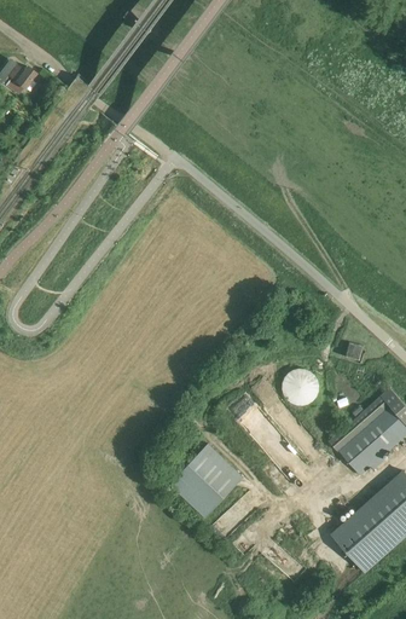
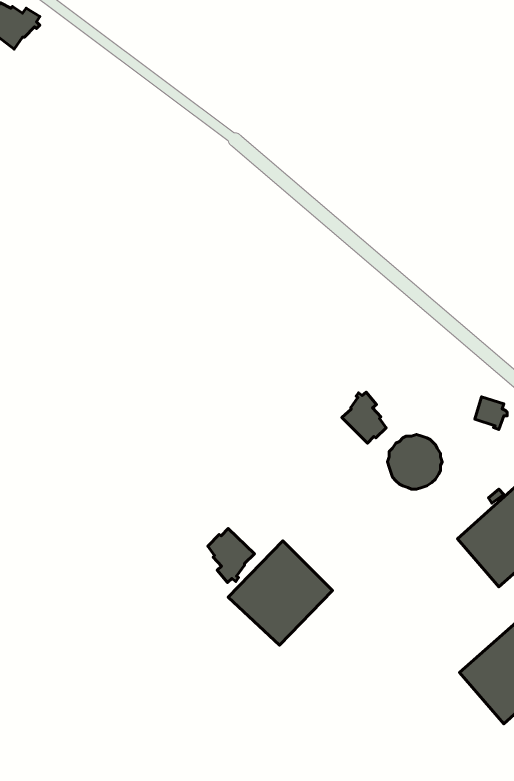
building: none -> [342,392,386,443]
building: none -> [208,528,254,582]

